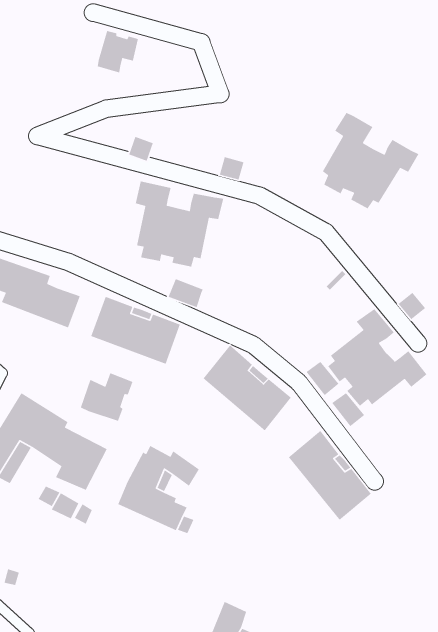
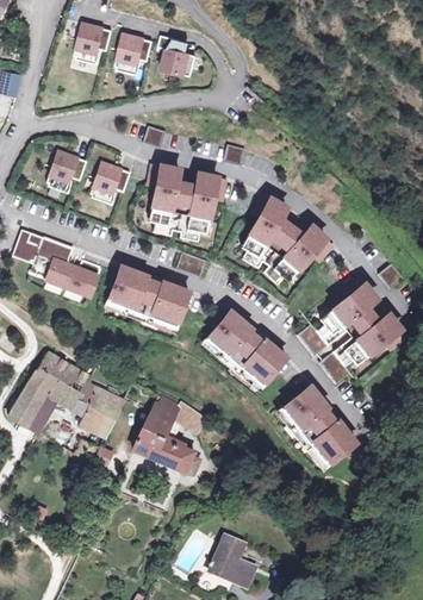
building: none -> [74,20,112,60]
building: none -> [157,35,194,75]
building: [322,112,419,209] -> [242,194,328,280]
building: none -> [46,150,86,188]
building: none -> [89,162,129,199]
building: [80,372,134,422] -> none

